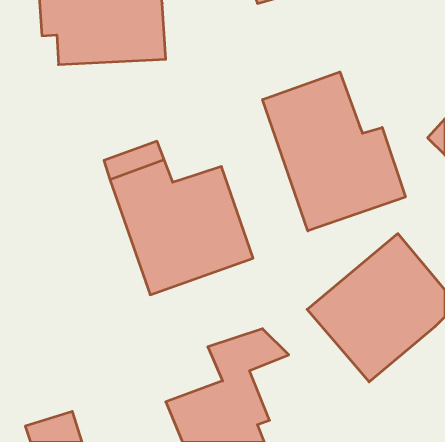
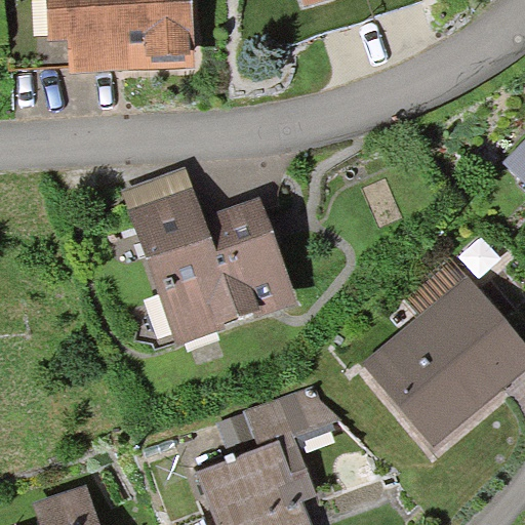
building: [263,72,405,231] -> none

